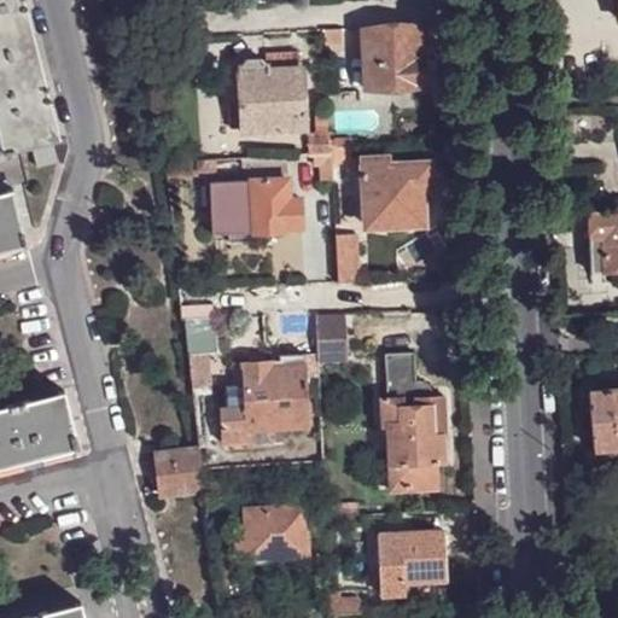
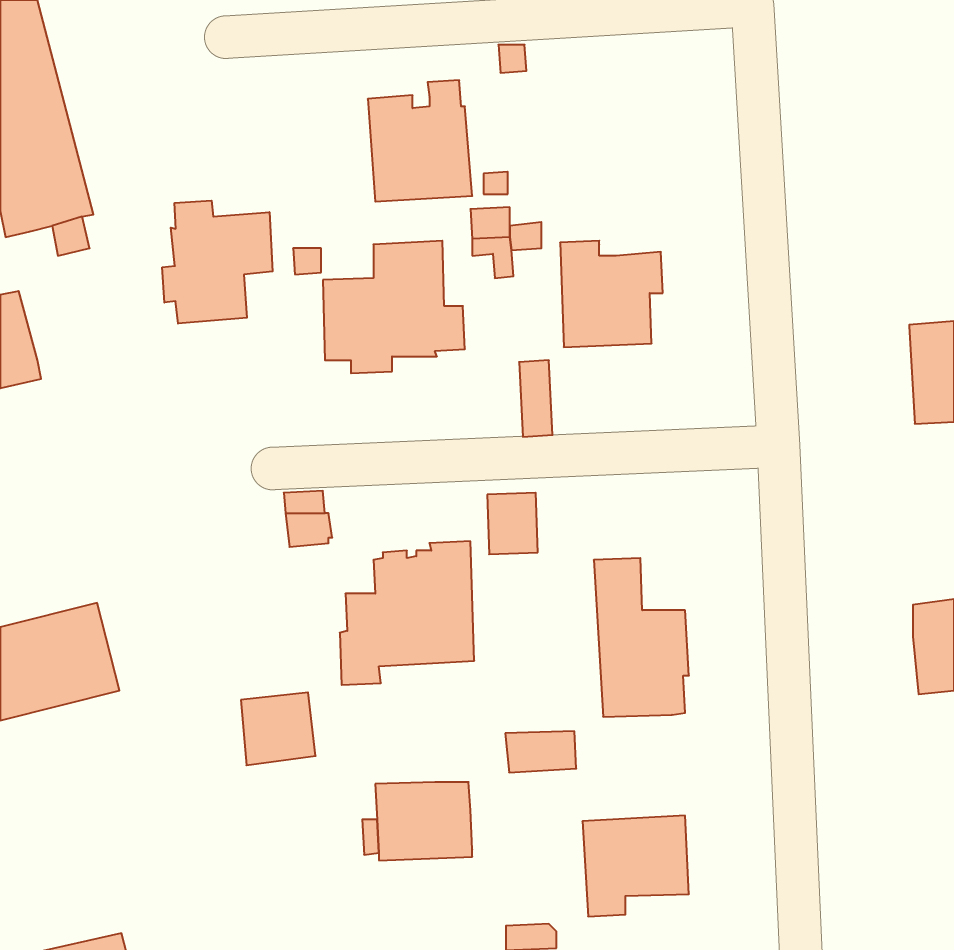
building: [361,25,437,91] -> none
building: none -> [162,201,273,324]
building: [390,465,436,491] -> [505,731,576,772]

